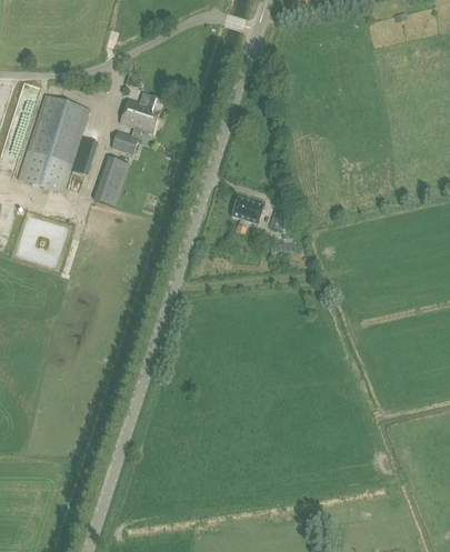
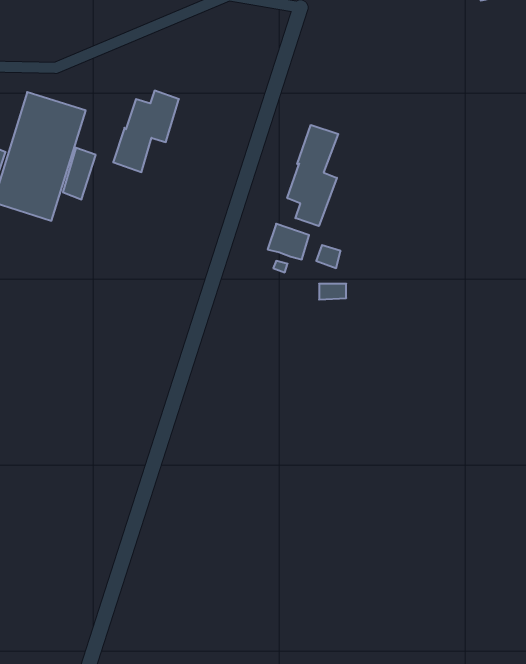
building: none -> [287,125,338,226]
building: [94,158,128,207] -> none

